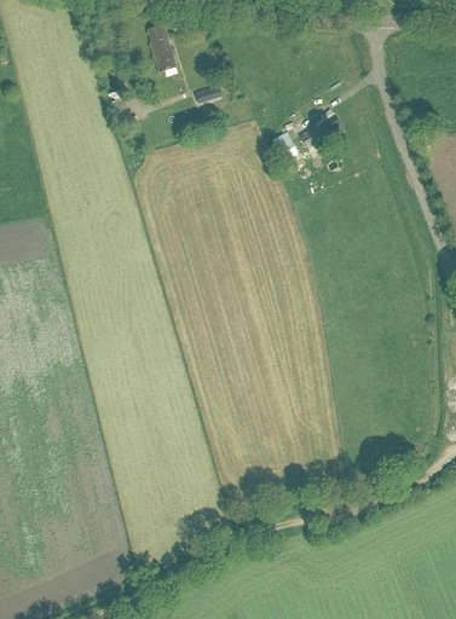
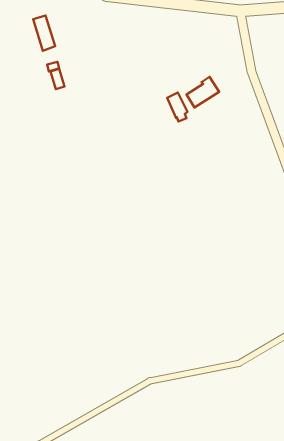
building: [145,23,175,71] -> [33,16,55,51]

